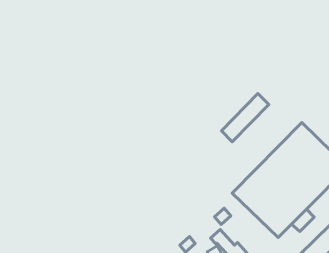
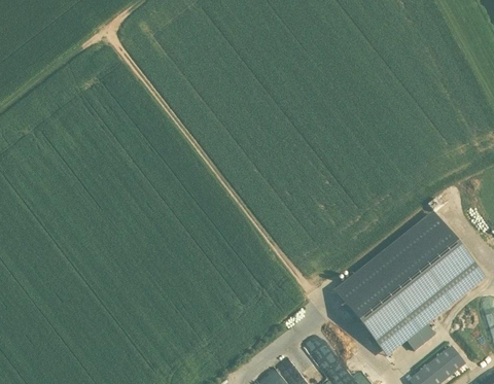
building: [221,94,269,142] -> none

